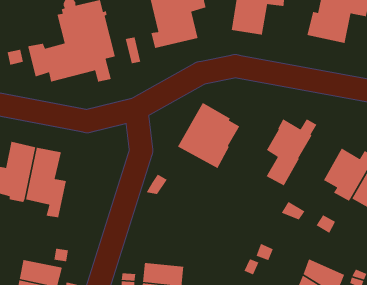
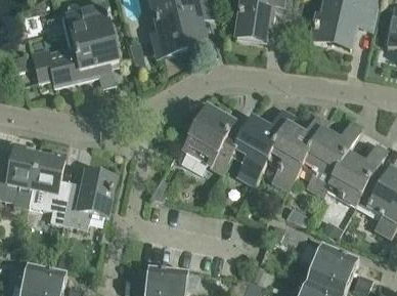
building: none -> [233,116,288,185]
building: none -> [304,127,357,197]
building: none -> [62,169,115,227]
building: none -> [313,244,358,279]

